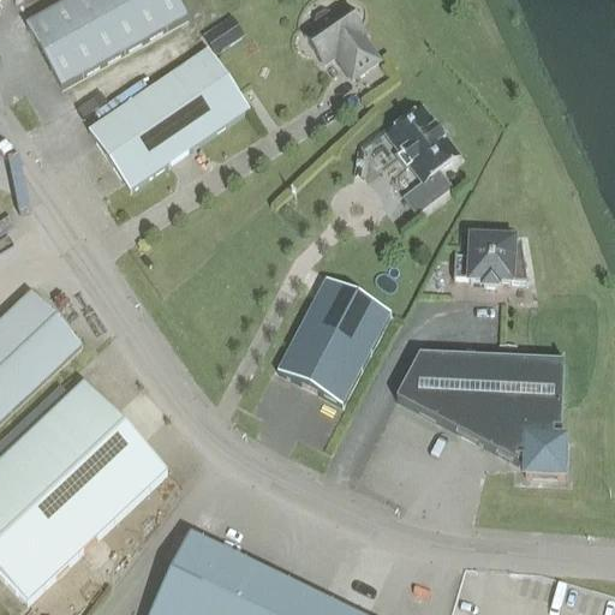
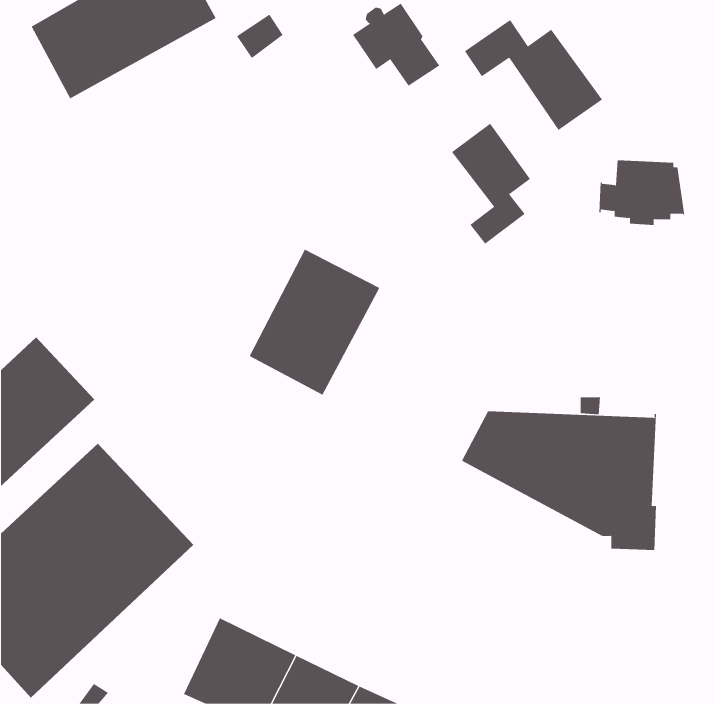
building: none -> [464,19,603,131]
building: [89,46,249,187] -> none
building: [450,231,525,287] -> [599,160,685,225]
building: [277,276,390,402] -> [249,249,380,395]

